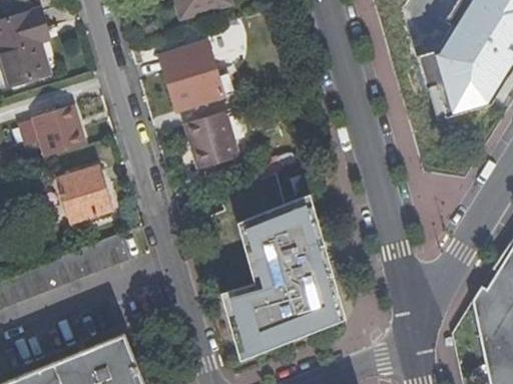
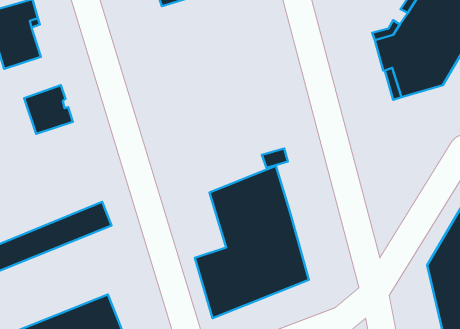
building: [161,44,225,113] -> none
building: [184,112,239,169] -> none
building: [57,167,111,224] -> none

